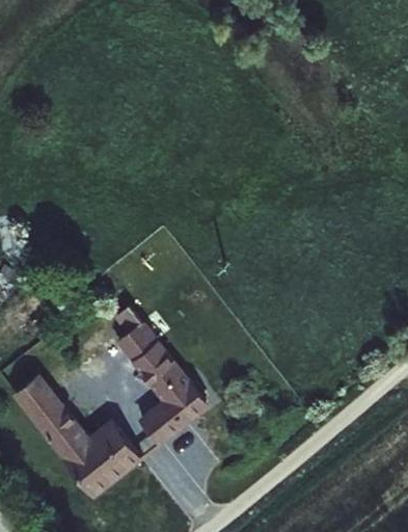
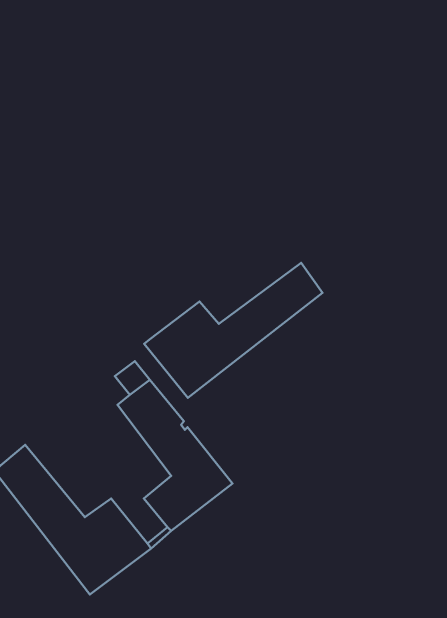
building: none -> [144,263,322,398]

